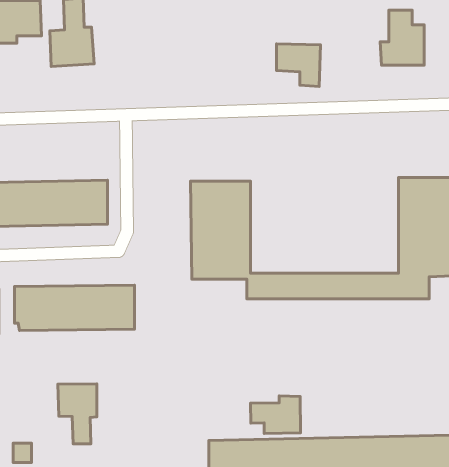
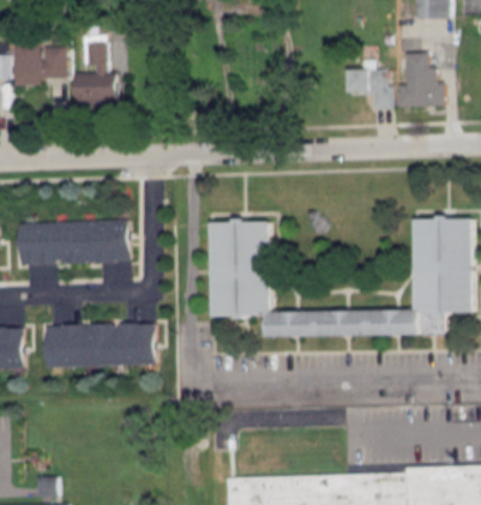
building: [276,44,320,87] -> [348,67,391,109]
building: [58,384,97,444] -> none
building: [251,396,301,433] -> none

